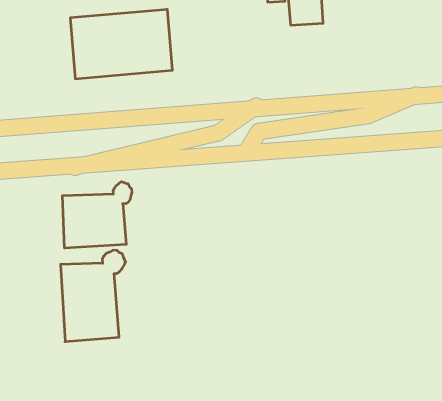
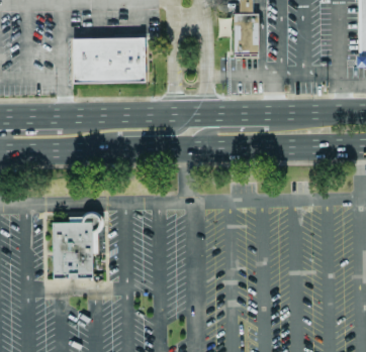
building: [63,182,132,248] -> none

